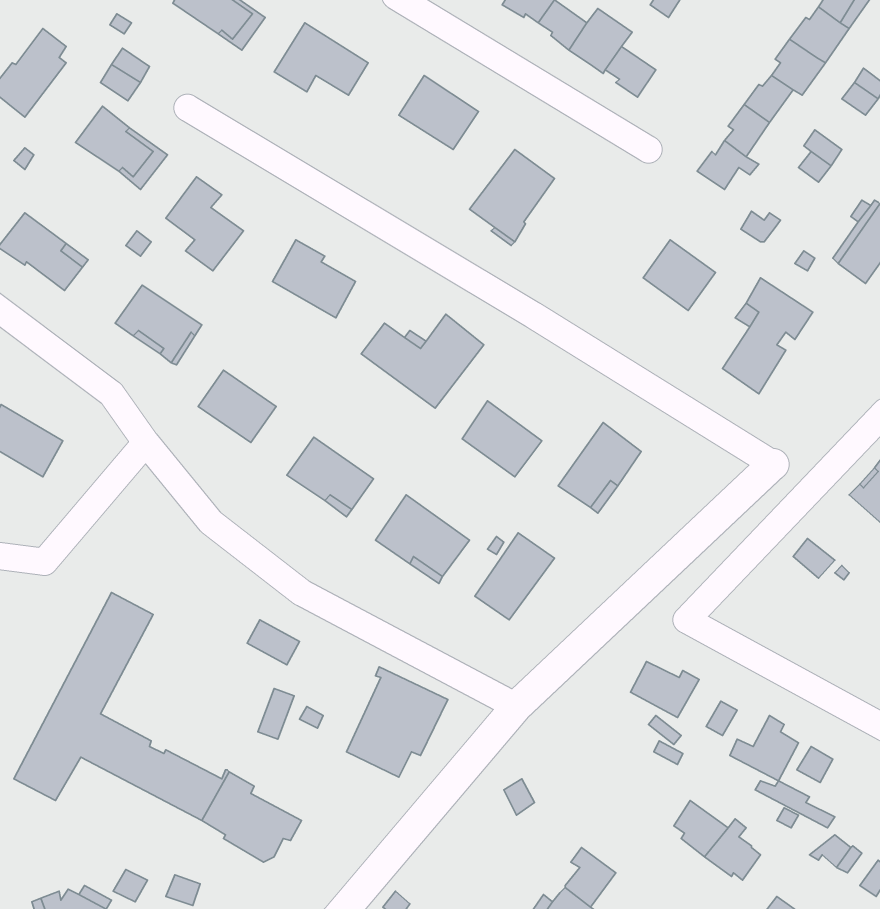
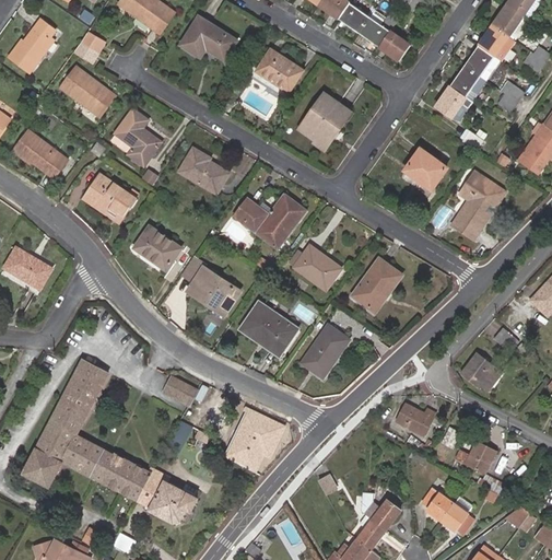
building: none -> [460,353,502,392]
building: none -> [360,492,401,530]

